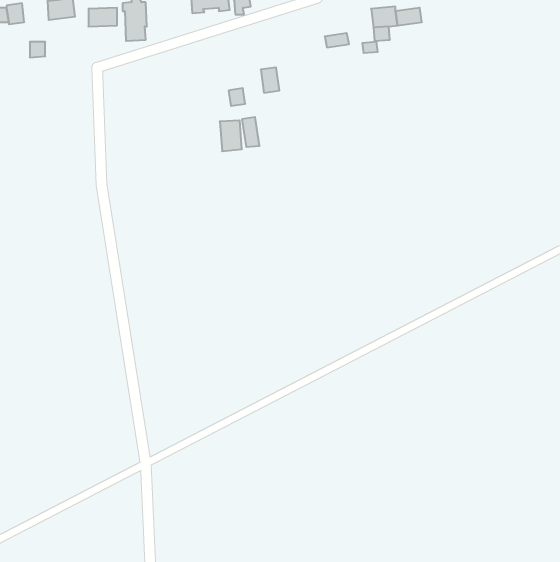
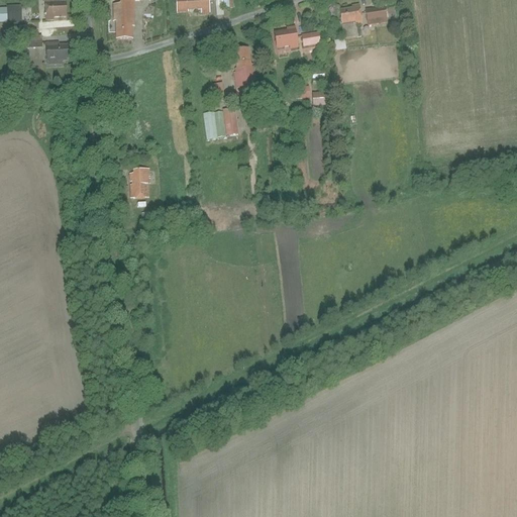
building: [88,8,117,27] -> [45,44,72,62]
building: none -> [274,25,299,46]
building: none -> [128,168,149,198]

